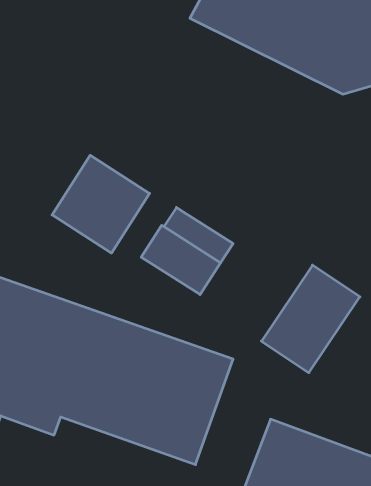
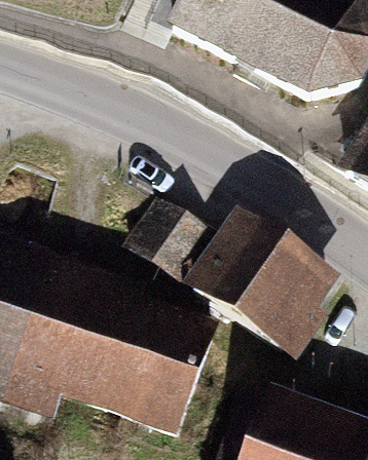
building: [52,155,150,253] -> none
building: none -> [196,227,287,325]

